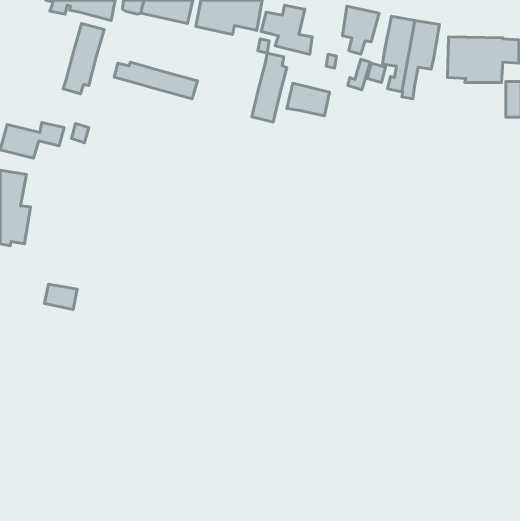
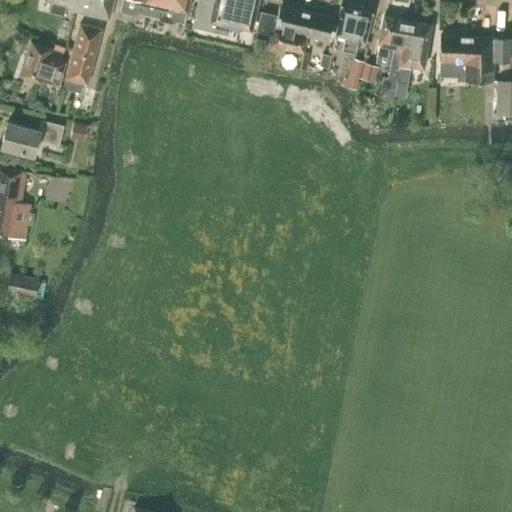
building: none -> [20,41,66,85]
building: [252,53,287,122] -> none
building: [114,62,197,99] -> none
building: [287,83,330,116] -> [294,9,336,41]
building: [45,284,77,310] -> [7,273,39,298]

